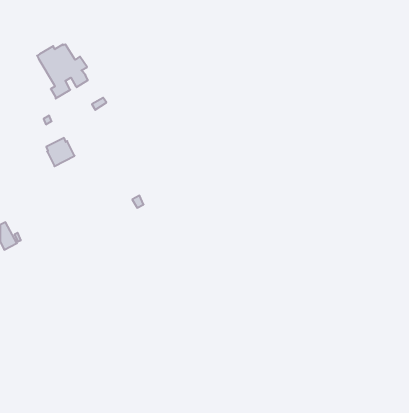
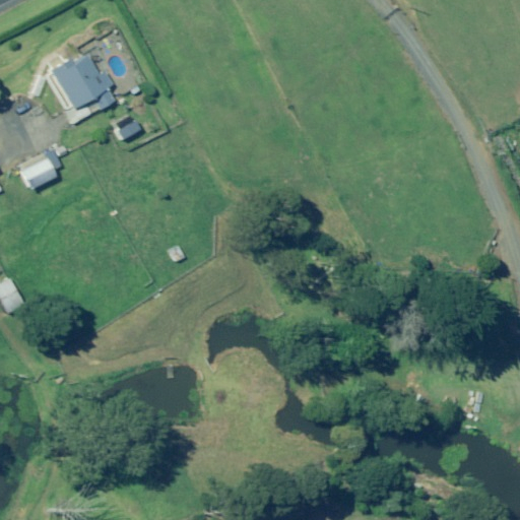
building: [46,138,75,166] -> [21,154,57,190]

